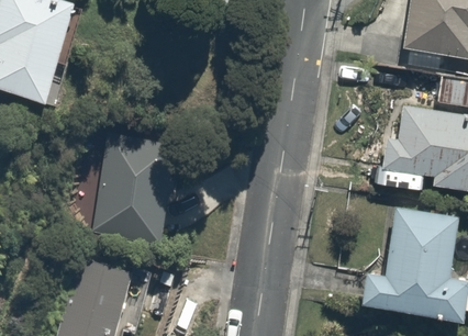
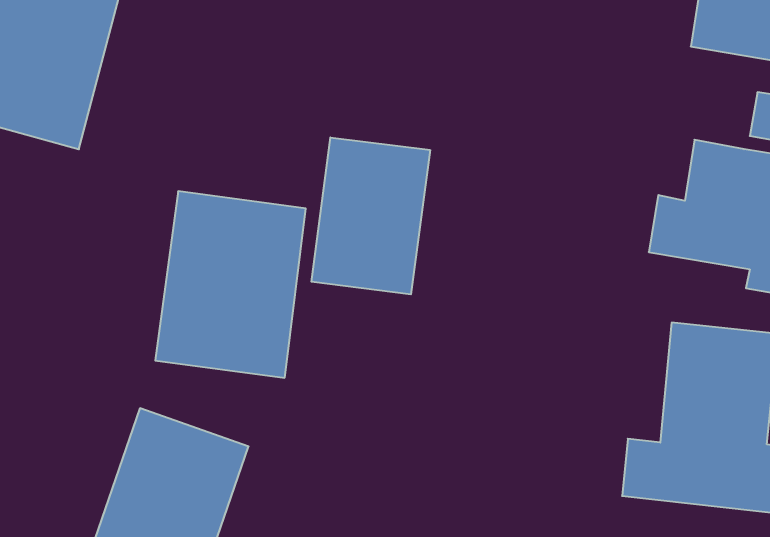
building: none -> [311,137,430,294]

